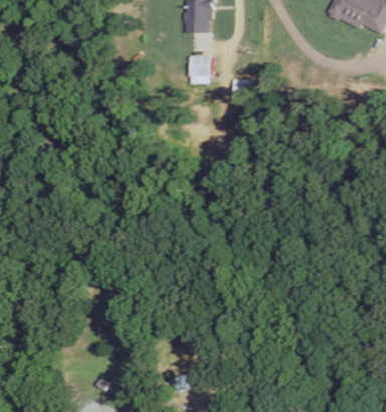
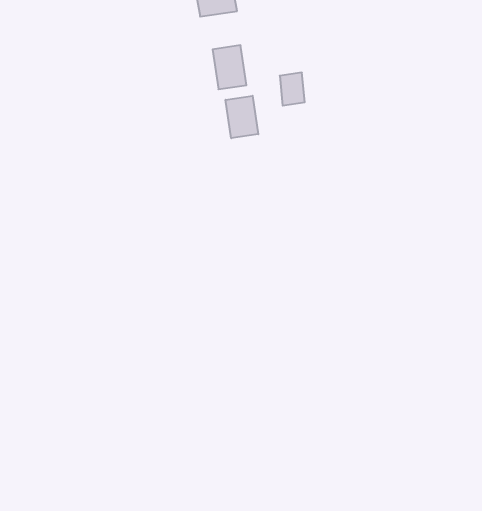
building: none -> [226,96,258,138]

